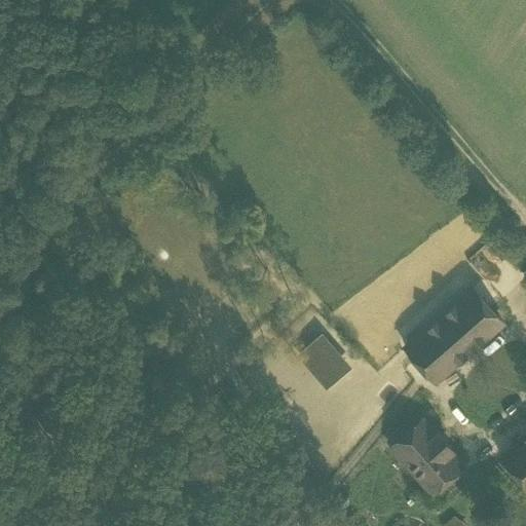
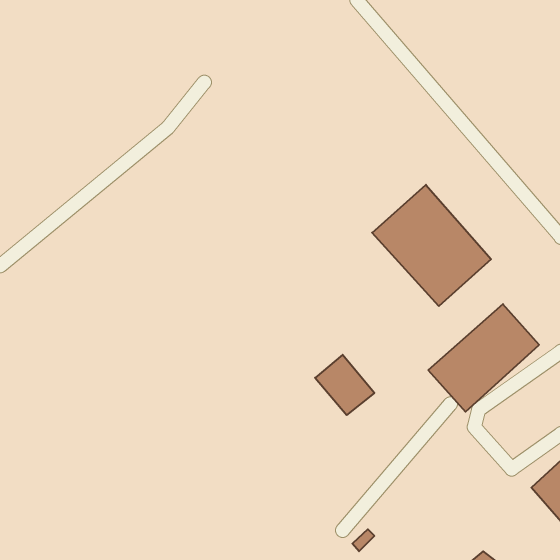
building: none -> [372,185,491,306]
building: [387,417,465,497] -> none

